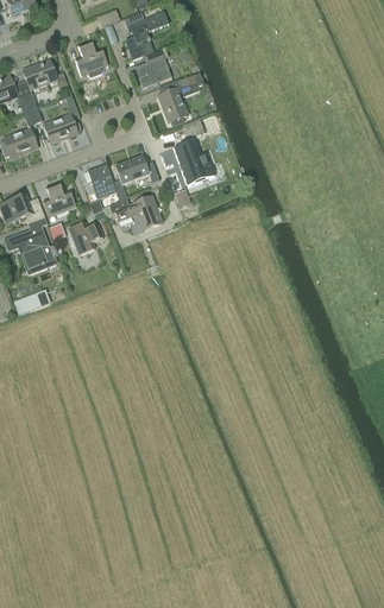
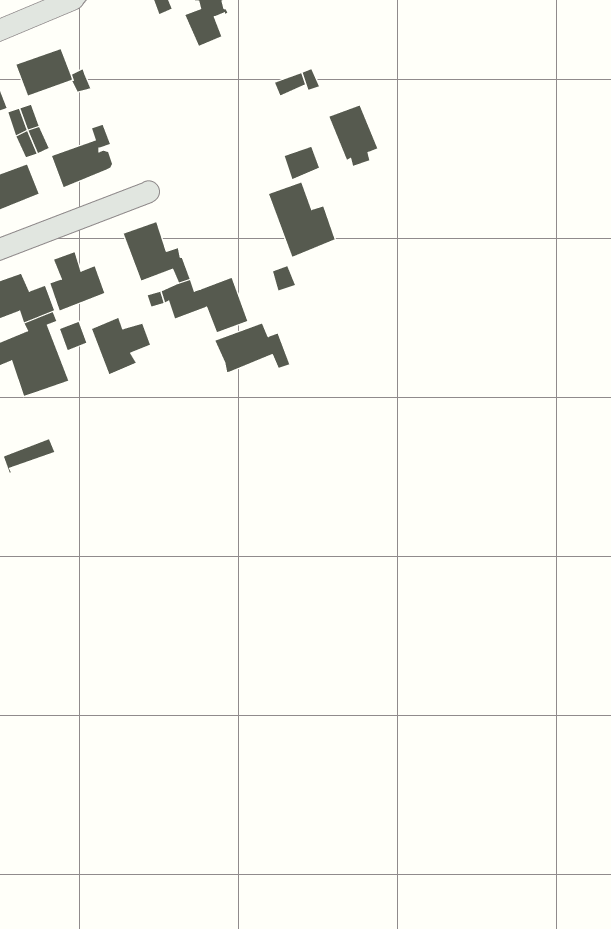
building: [75,39,108,76] -> none
building: [134,46,172,87] -> none
building: [158,88,188,125] -> [328,105,378,166]
building: [114,154,159,184] -> [215,323,290,372]

